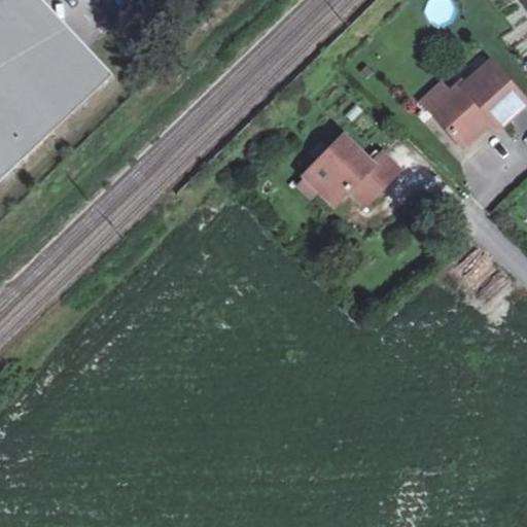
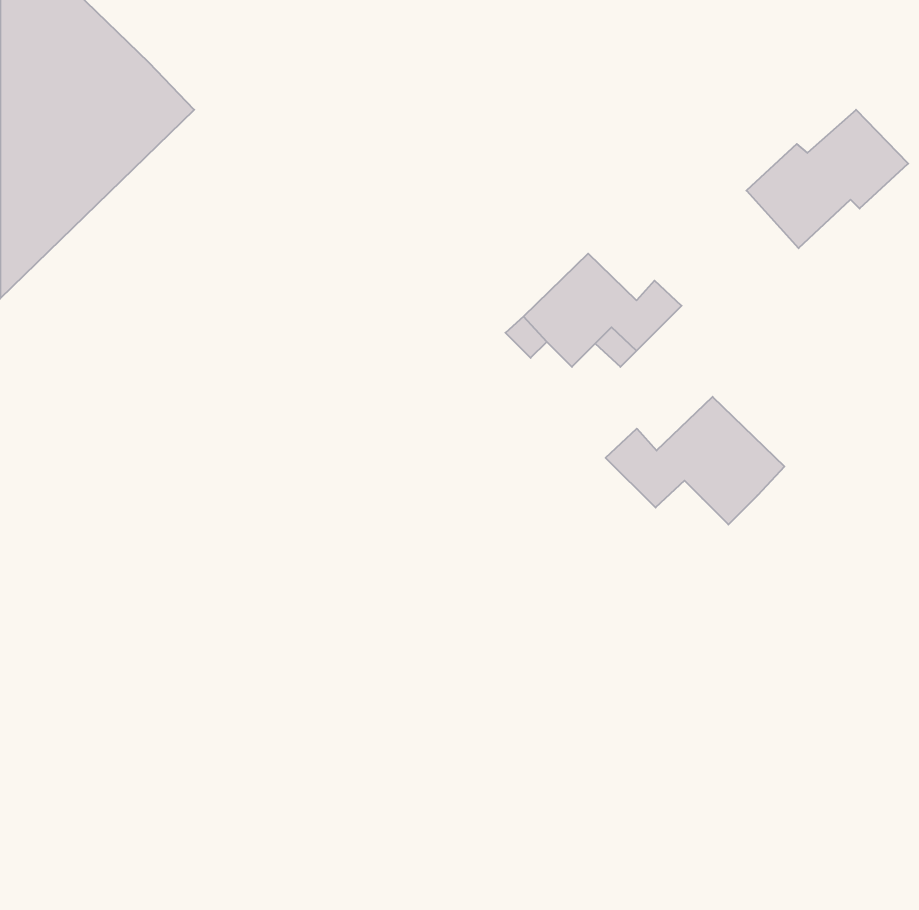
building: none -> [606,397,784,525]

